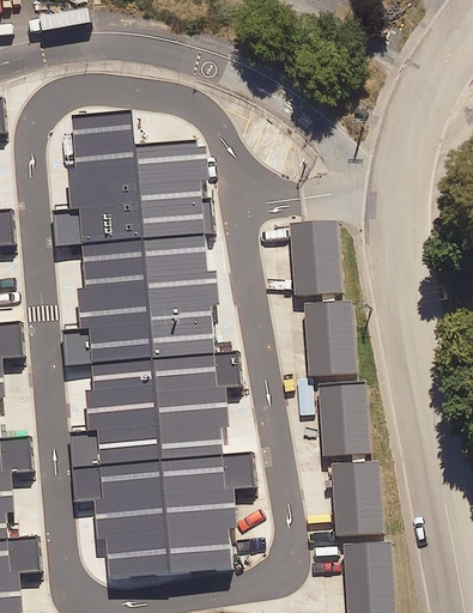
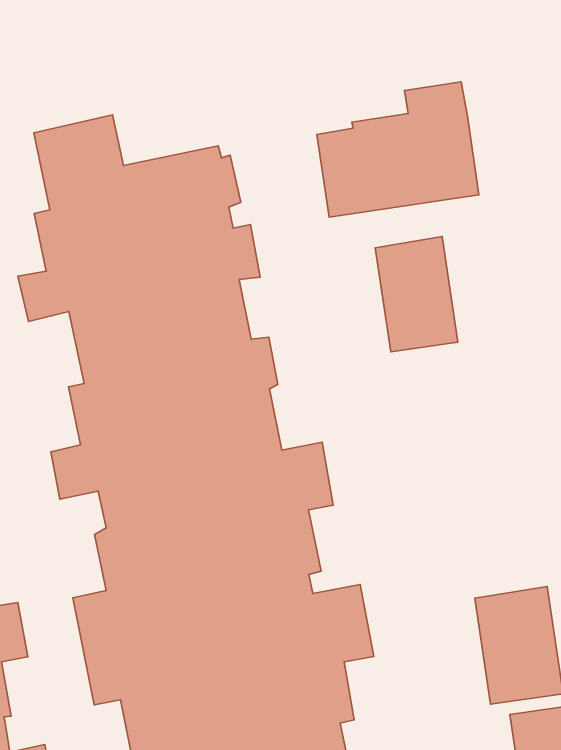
building: none -> [317,82,479,217]
building: [305,301,356,377] -> none
building: [319,382,370,457] -> none

